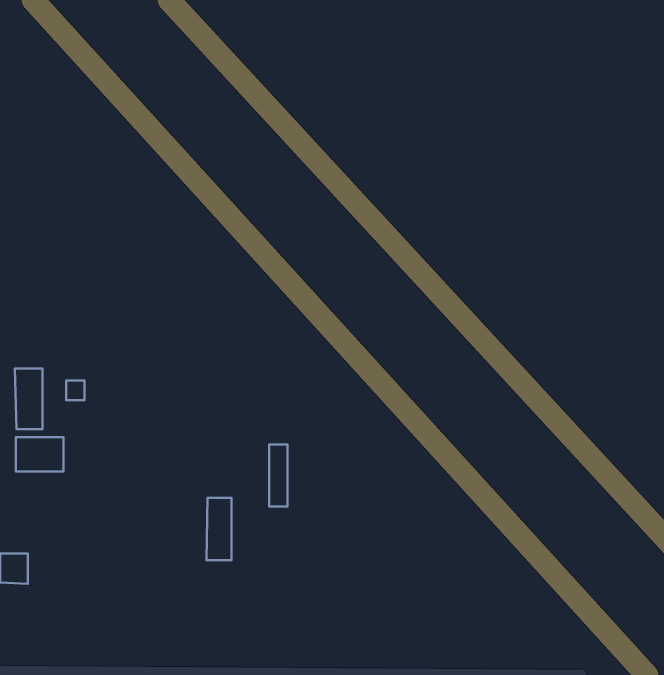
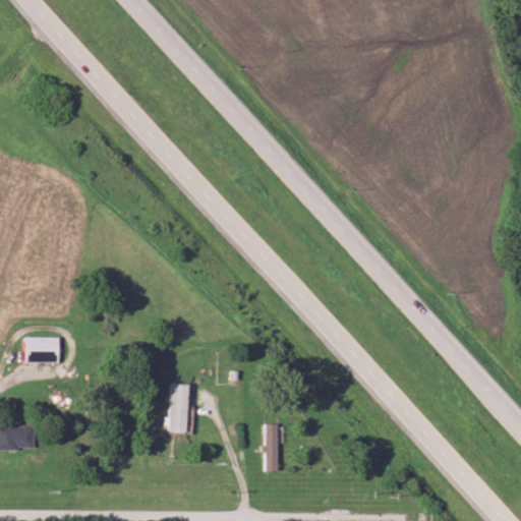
building: [15,368,43,429] -> none
building: [269,444,288,506] -> [267,423,281,471]

